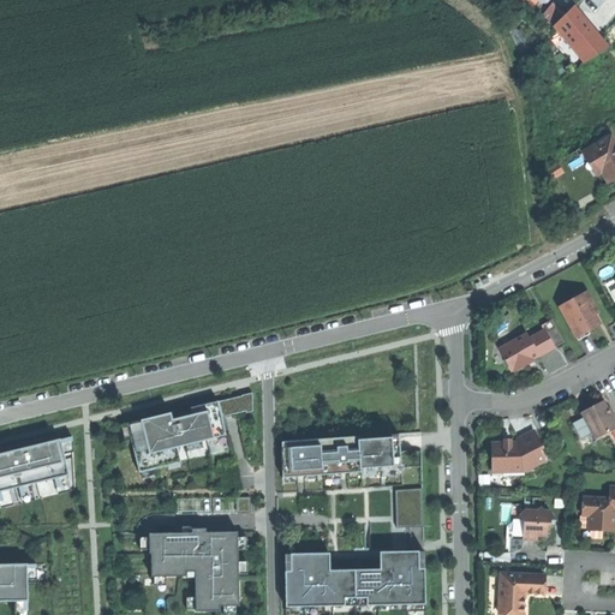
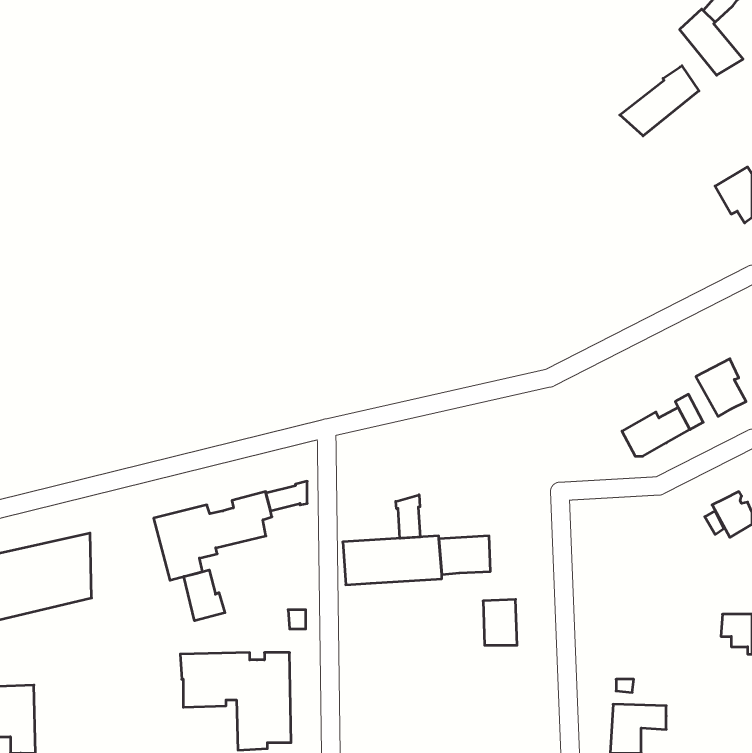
building: none -> [620,66,699,136]
building: none -> [396,495,420,538]
building: [497,431,551,472] -> none
building: none -> [184,570,225,621]
building: [518,507,545,538] -> none
building: [282,553,423,605] -> none

